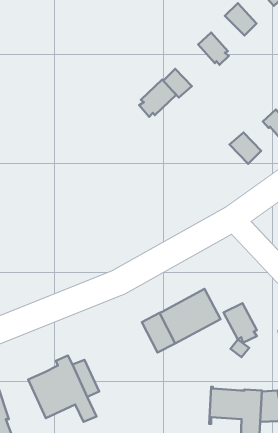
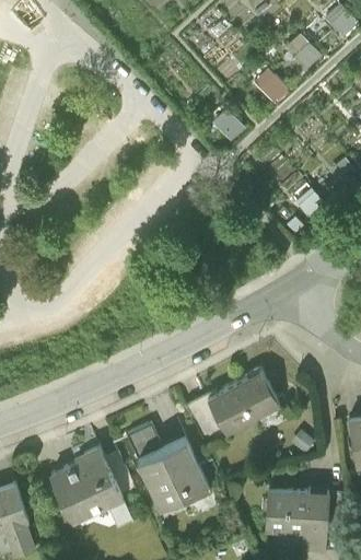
building: [139,80,176,117] -> none
building: [224,303,257,343] -> none
building: none -> [126,425,210,509]

